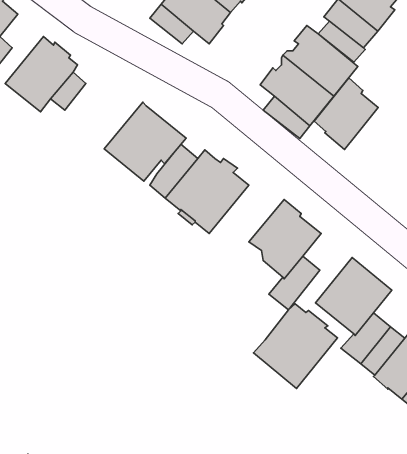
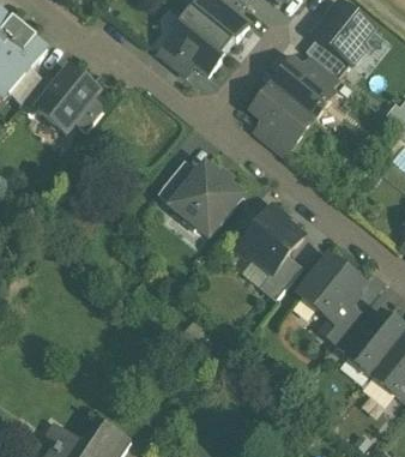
building: [314,78,378,149] -> none
building: [104,102,186,181] -> none
building: [254,304,338,388] -> none

